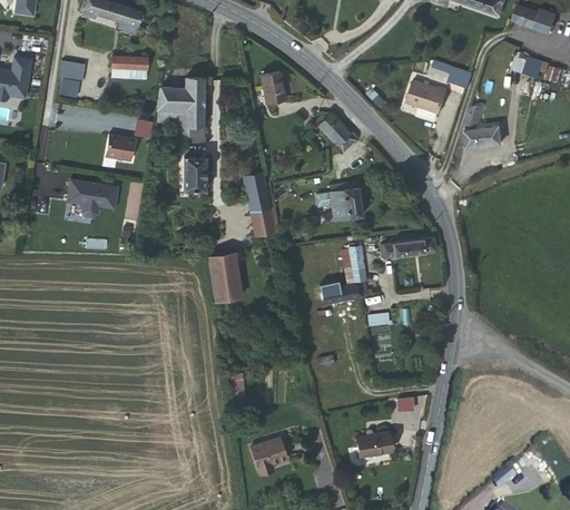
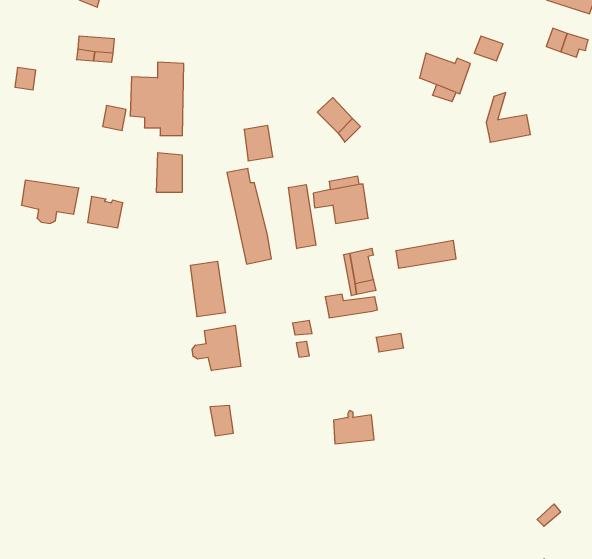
building: [60,61,86,86] -> none
building: [261,73,285,104] -> [244,125,273,161]
building: [104,136,134,163] -> [88,196,123,228]
building: none -> [288,185,316,249]
building: none -> [192,325,241,371]
building: [356,424,391,452] -> [334,411,374,444]
building: [252,432,288,468] -> none

